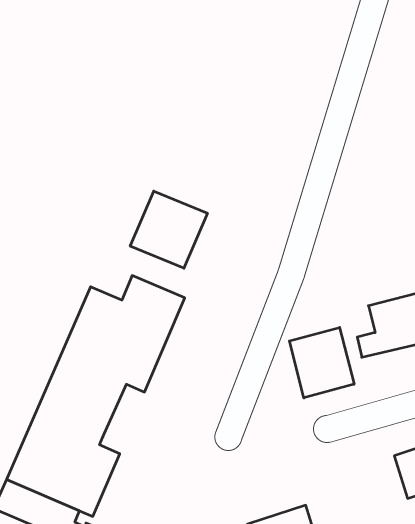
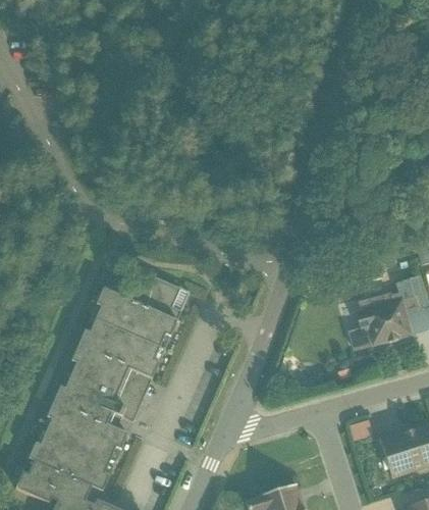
building: [130,191,207,268] -> none
building: [289,327,354,398] -> none

